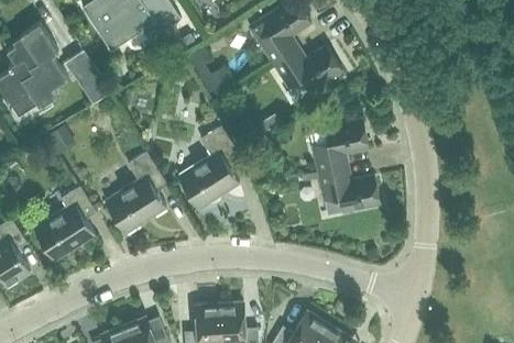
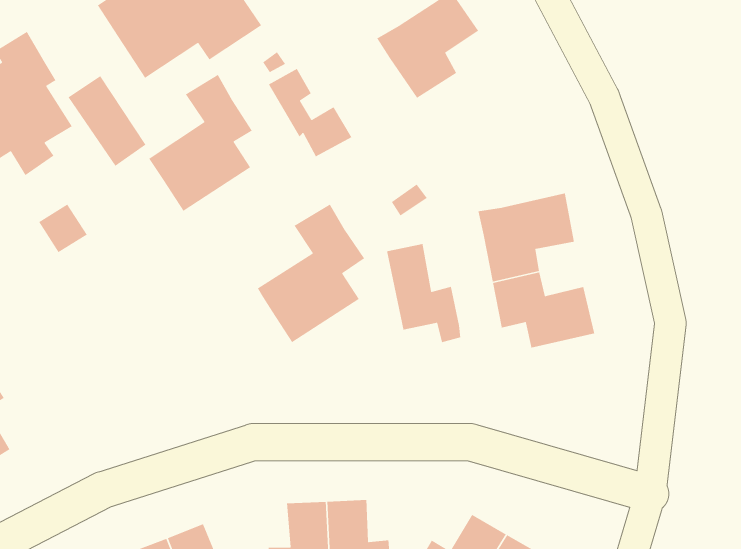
building: [273,47,341,92] -> none
building: none -> [386,243,461,343]
building: [105,152,167,234] -> [148,74,253,212]
building: [33,187,96,262] -> none

